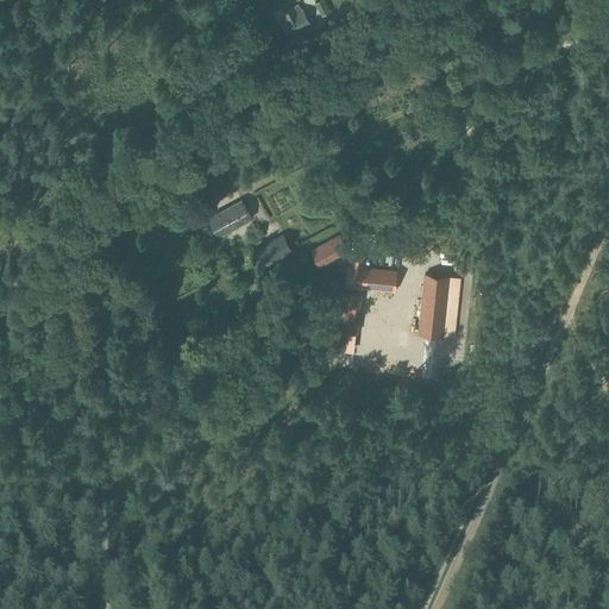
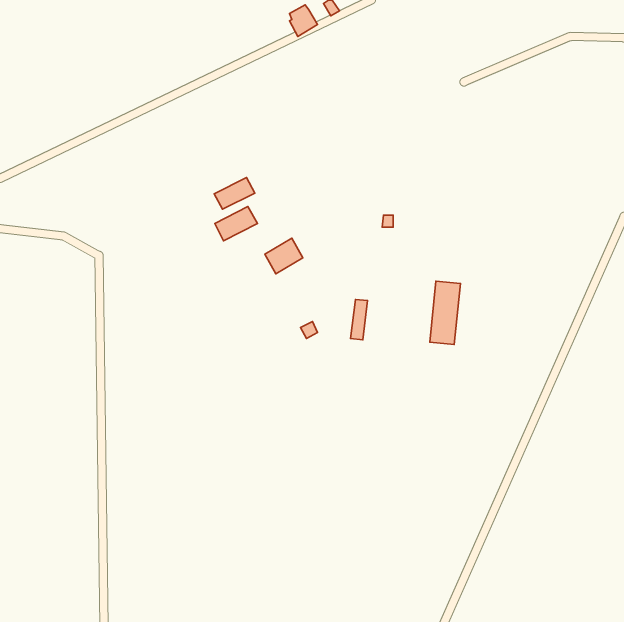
building: none -> [214,178,255,209]
building: [313,237,350,268] -> none
building: [346,257,396,293] -> none

